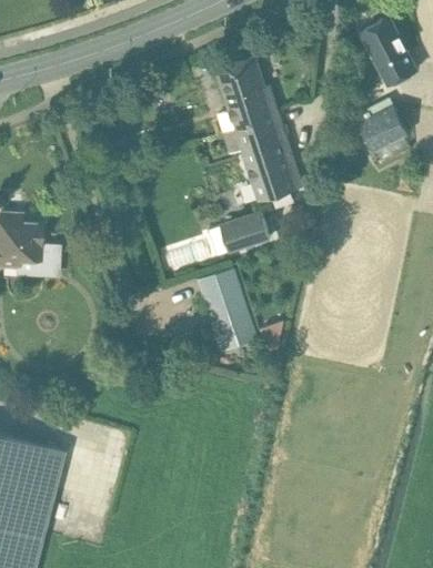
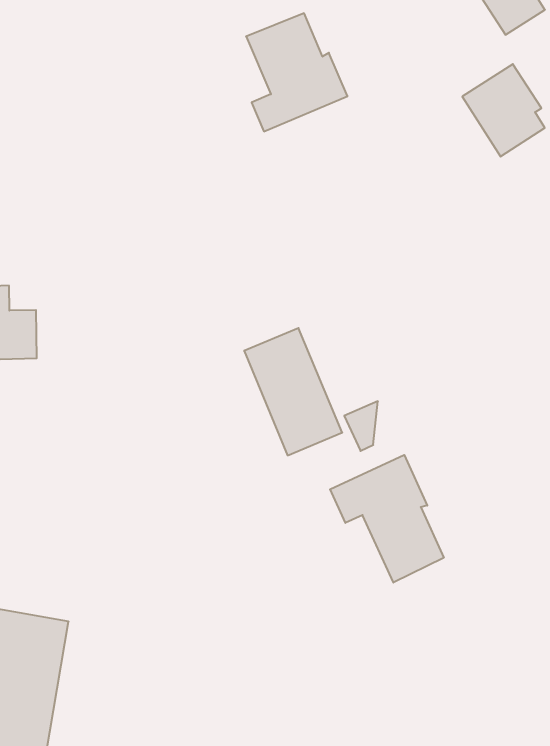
building: [223,116,304,202] -> none
building: [219,211,272,254] -> none
building: none -> [330,455,444,583]

